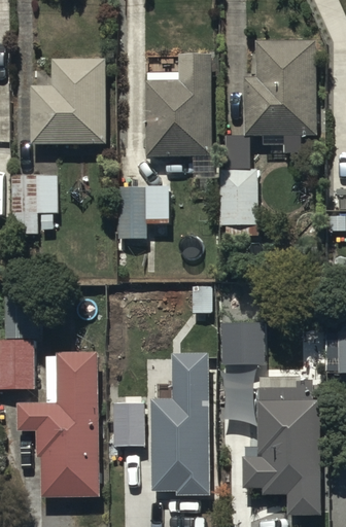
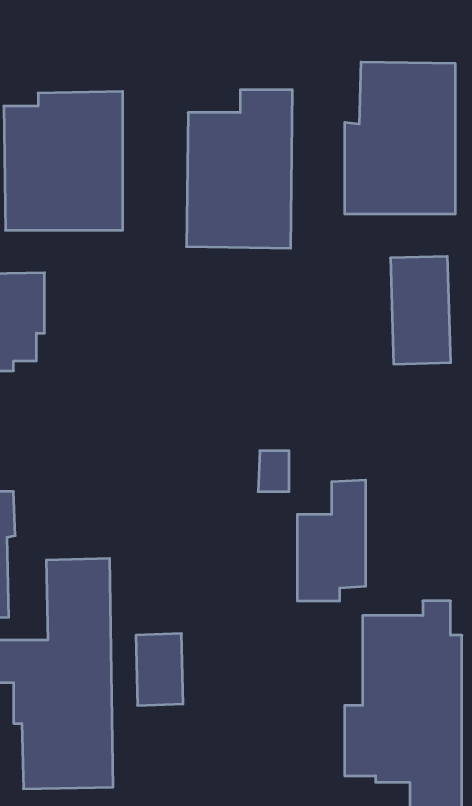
building: [219,168,257,236] -> [390,256,451,364]
building: [115,185,169,238] -> none
building: [151,355,209,495] -> none

